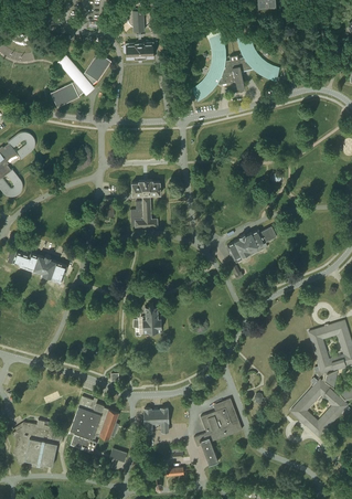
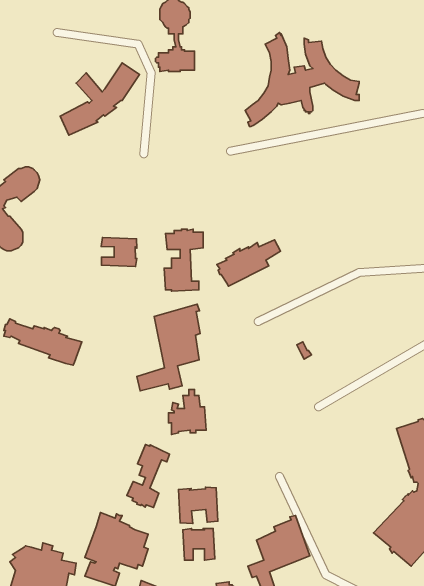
building: none -> [101,237,137,266]
building: [227,226,276,262] -> [217,240,280,286]
building: none -> [137,304,200,391]
building: none -> [127,445,170,508]
building: none -> [178,487,218,523]

